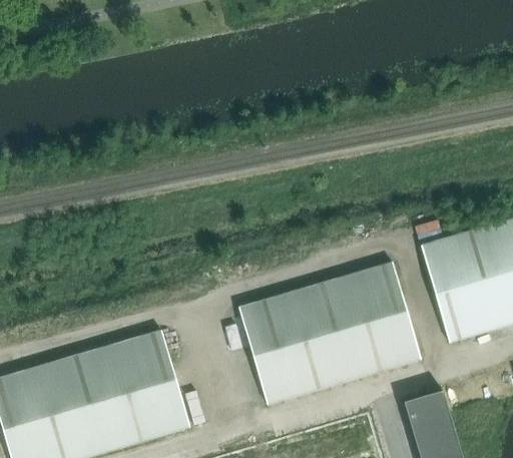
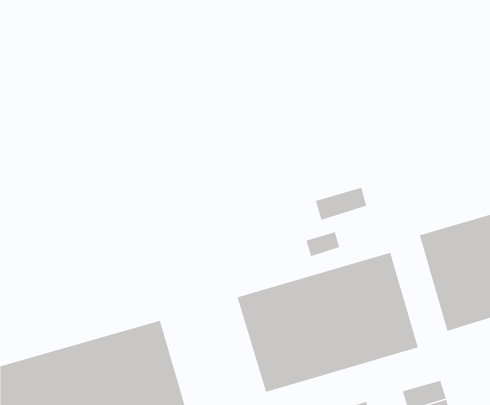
building: none -> [315,187,367,221]
building: none -> [305,231,340,257]

